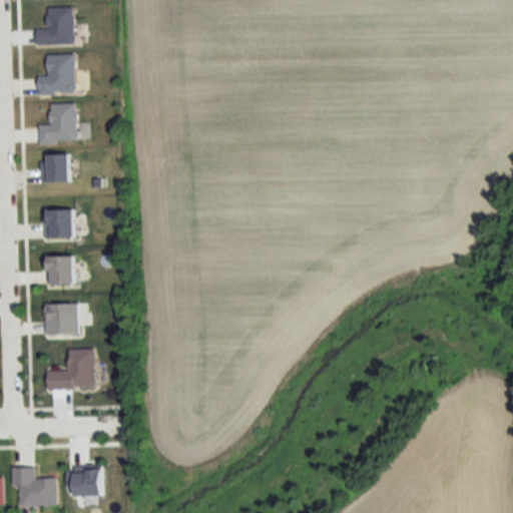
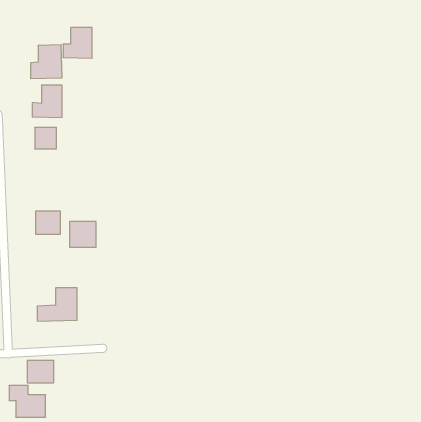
building: [37,7,72,44] -> [63,28,92,58]
building: [43,209,73,236] -> none
building: [44,303,76,334] -> [70,222,96,247]
building: [70,469,102,496] -> [27,360,54,383]

